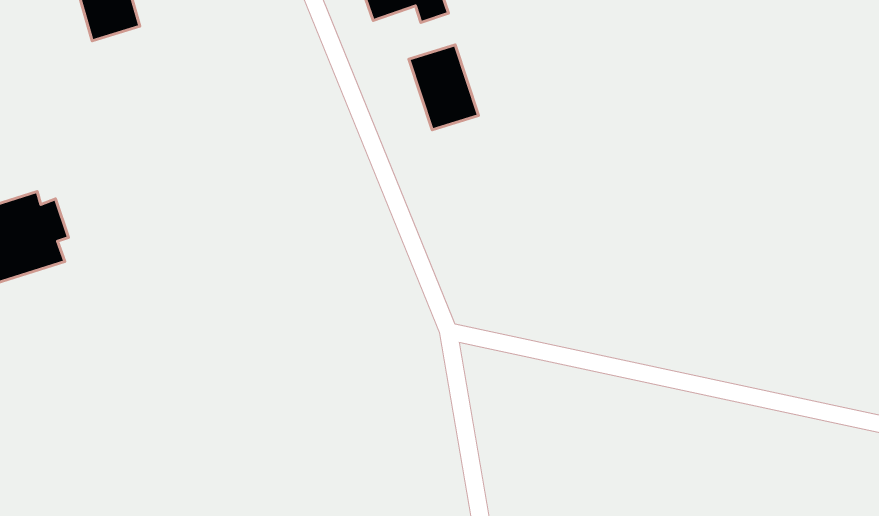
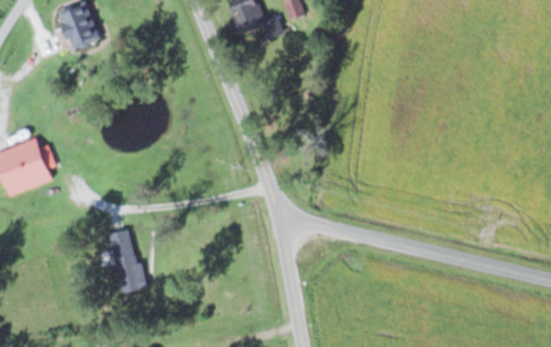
building: [409,45,479,130] -> none
building: none -> [109,230,143,293]

